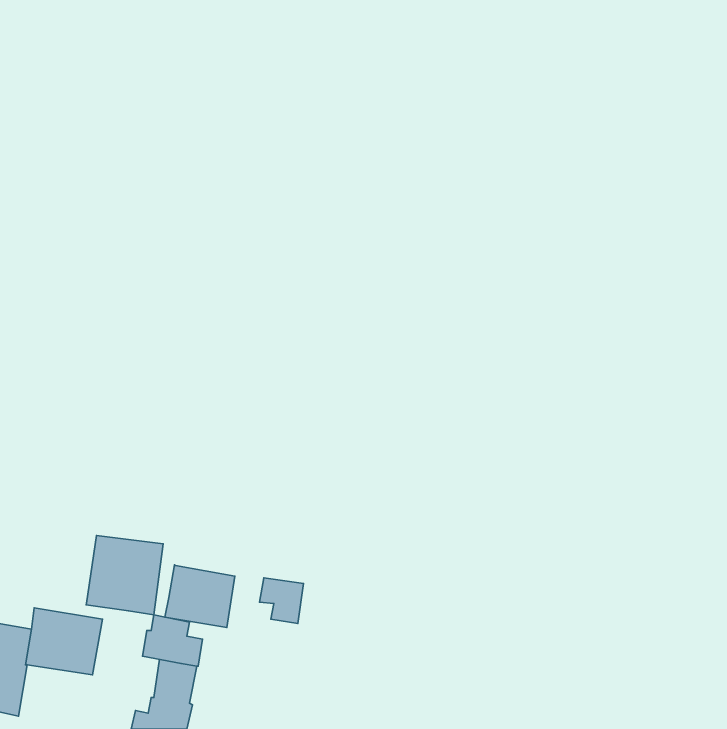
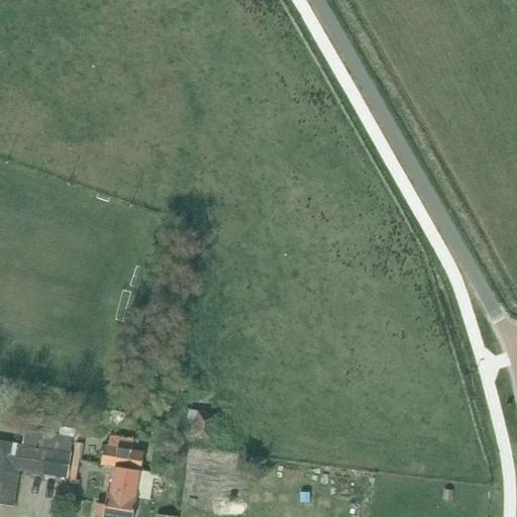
building: [86,536,163,615] -> none
building: [165,565,235,627] -> none

